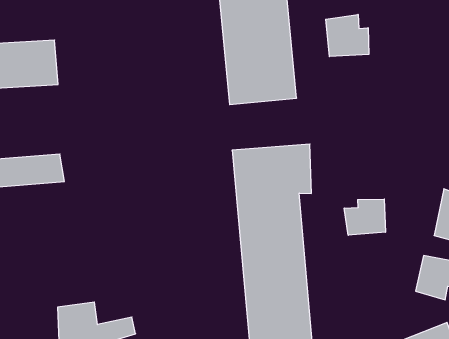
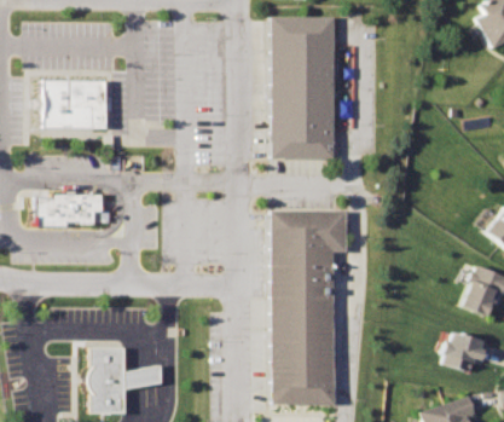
building: [326,14,369,57] -> none
building: [344,199,385,235] -> none

